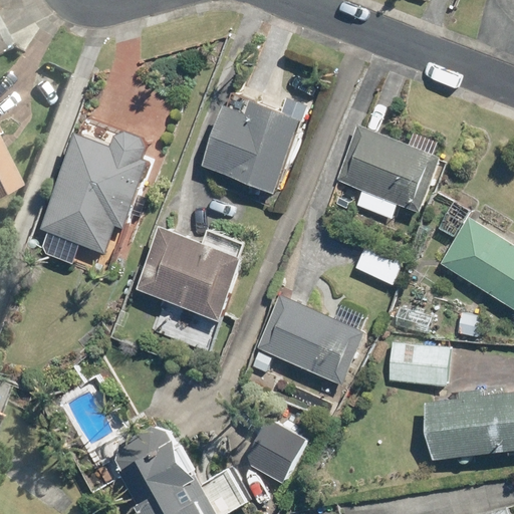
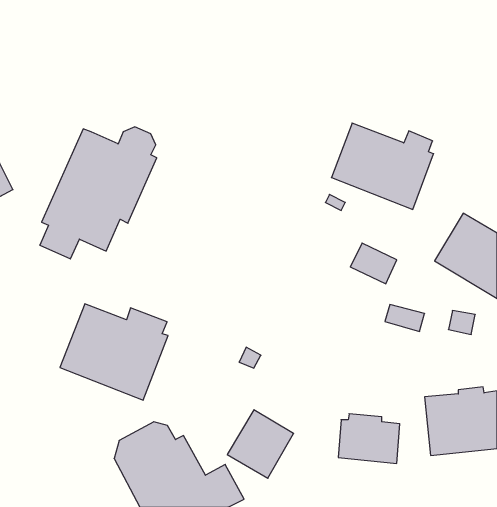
building: [204,95,309,193] -> none
building: [126,223,236,320] -> [60,304,168,400]
building: [257,296,365,386] -> none
building: [387,337,449,388] -> [338,414,400,463]

